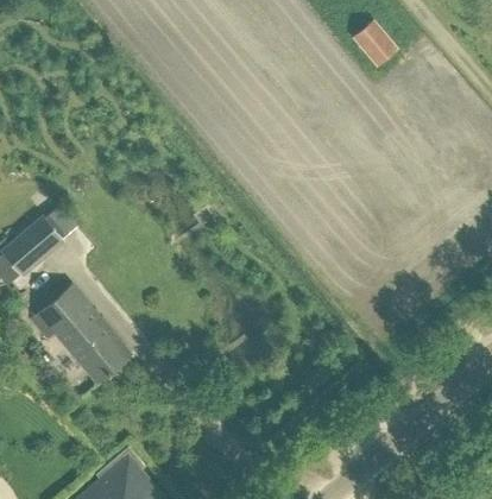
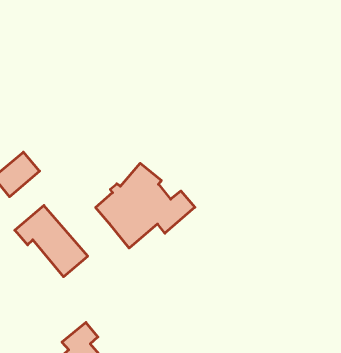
building: [354,20,398,67] -> none
building: none -> [96,163,195,248]

